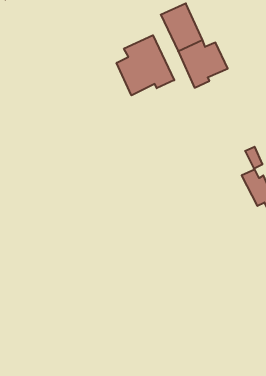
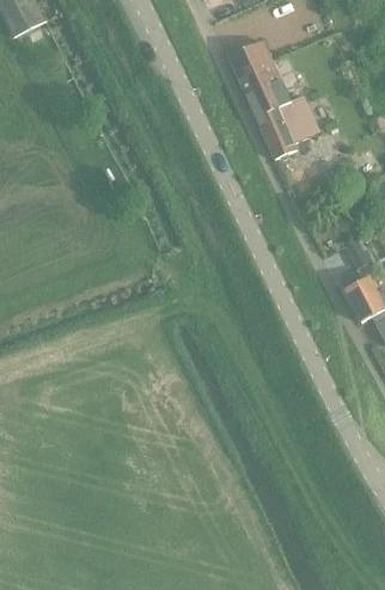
building: [117,35,174,95] -> none

